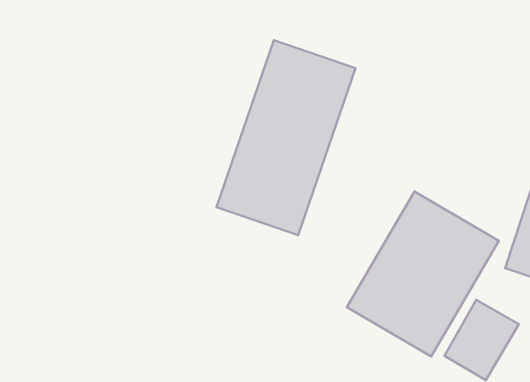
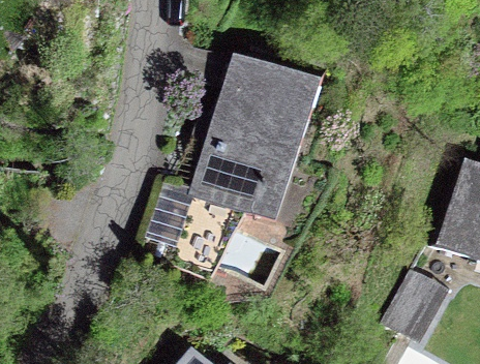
building: [347,191,499,357] -> none

